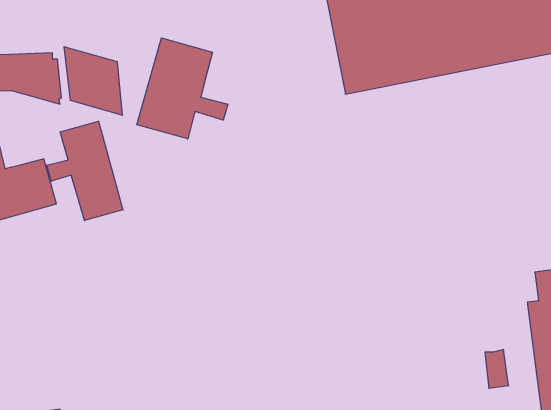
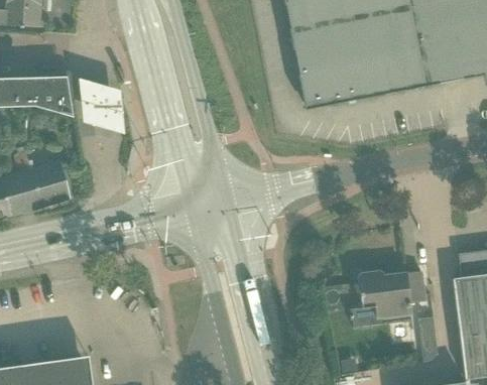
building: [137,38,228,139] -> none
building: [47,121,123,221] -> none
building: none -> [359,270,425,317]

